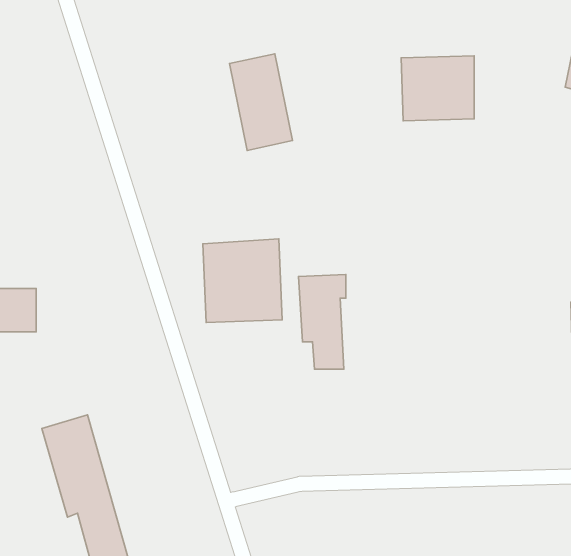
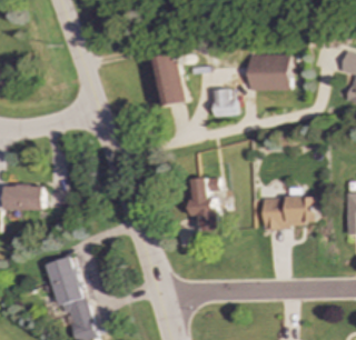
building: none -> [214,89,236,117]
building: [203,239,282,323] -> none
building: none -> [261,197,316,228]

